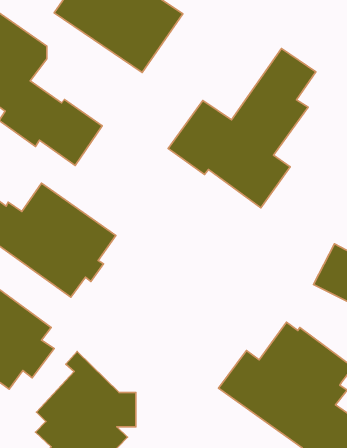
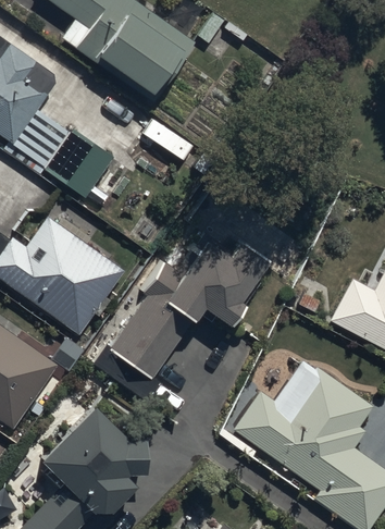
building: [168,49,316,208] -> none
building: none -> [108,238,265,381]

